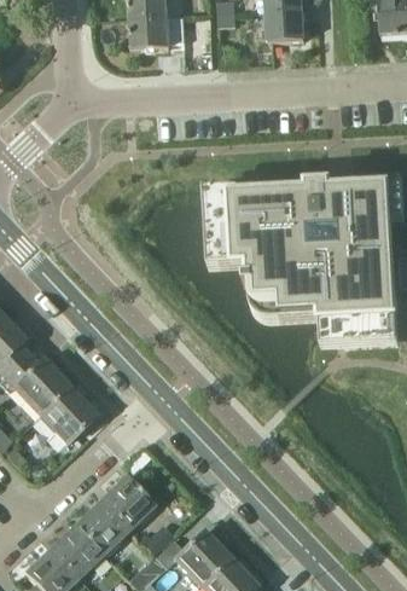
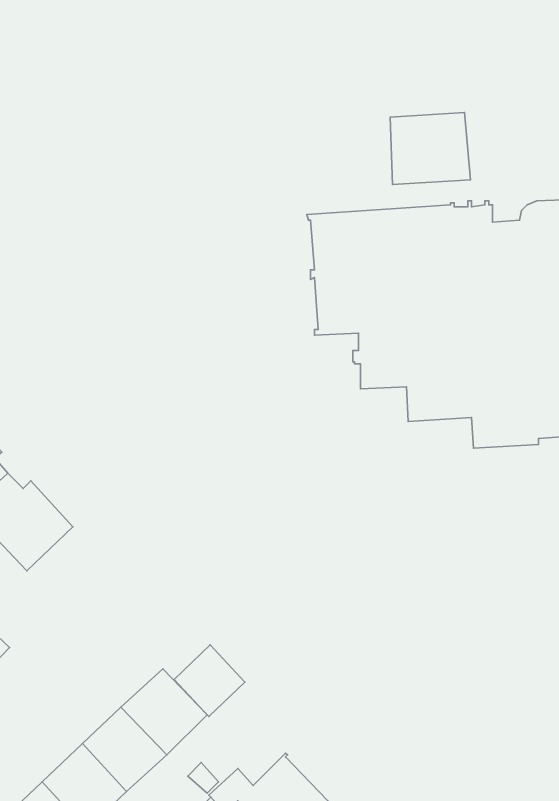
building: none -> [390,113,470,185]
building: [41,386,98,441] -> none
building: none -> [174,645,245,717]

